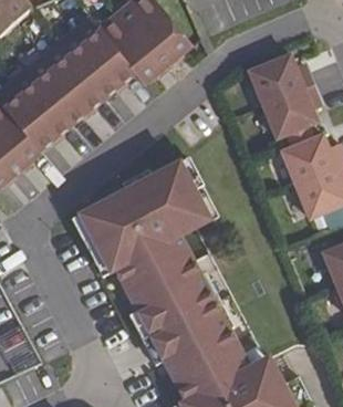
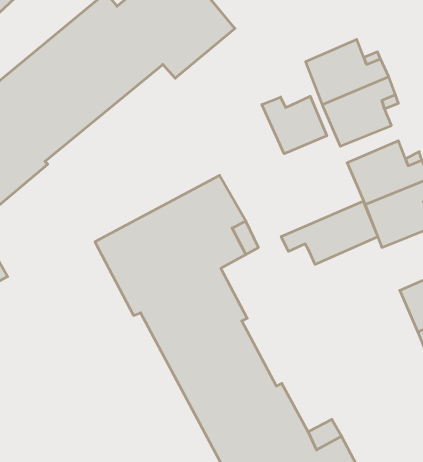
building: none -> [262,96,327,154]
building: none -> [281,201,378,264]

